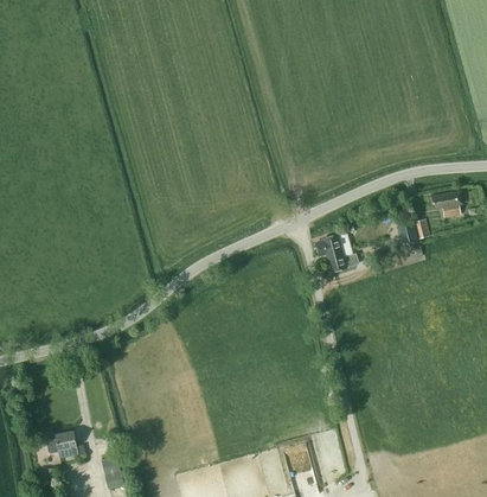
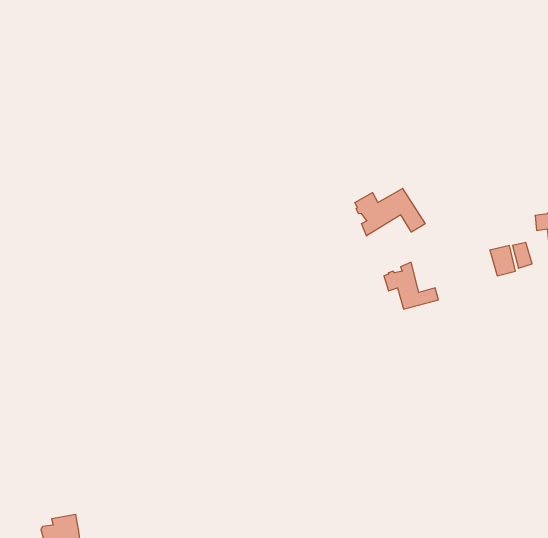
building: none -> [355,188,425,236]

